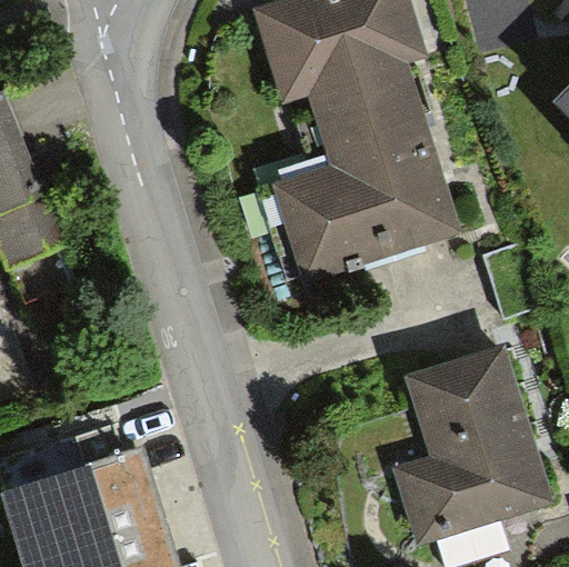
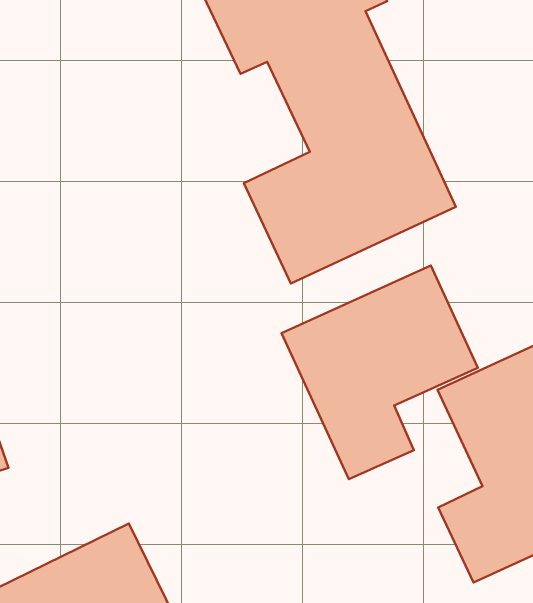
building: none -> [281,266,478,479]

